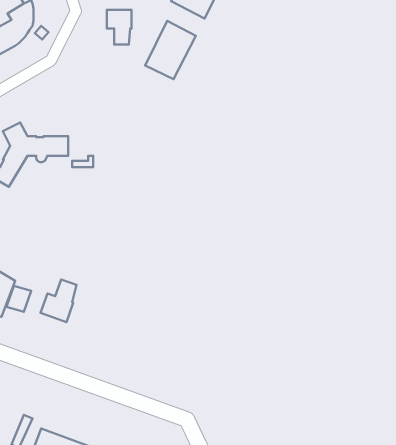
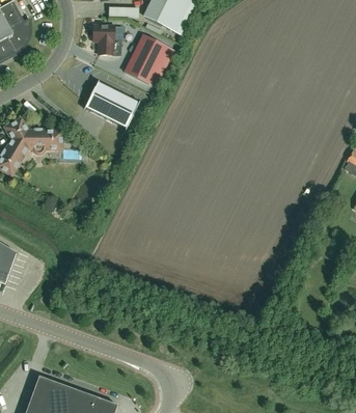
building: none -> [84,81,139,128]
building: [40,279,77,322] -> none

